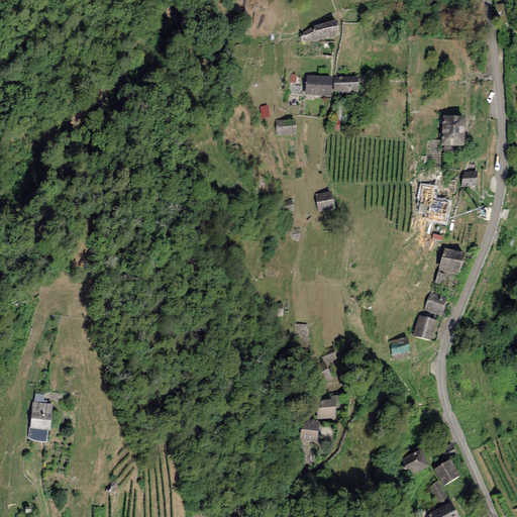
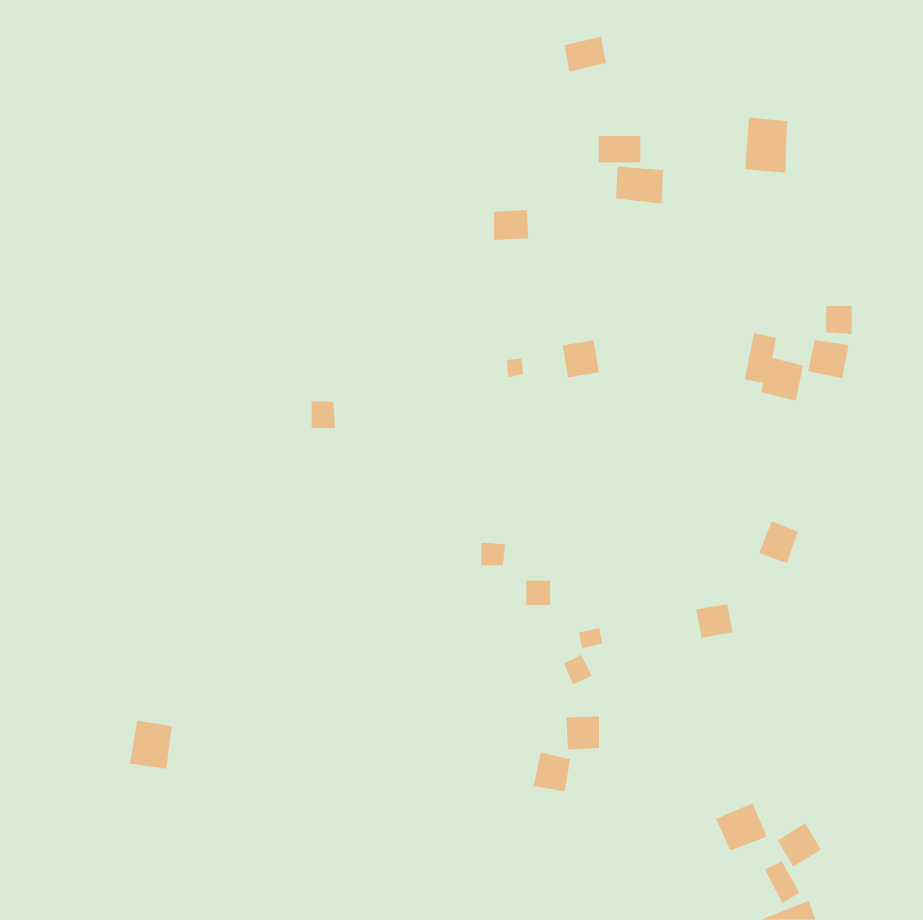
building: [305,75,332,96] -> [615,166,664,204]
building: [441,115,466,146] -> [744,117,788,173]
building: none -> [808,339,849,379]
building: [439,248,464,274] -> none
building: [413,315,437,340] -> none
building: [29,402,54,429] -> [129,720,172,769]

